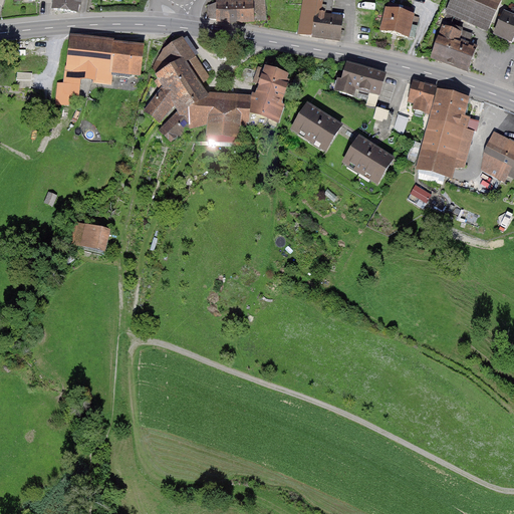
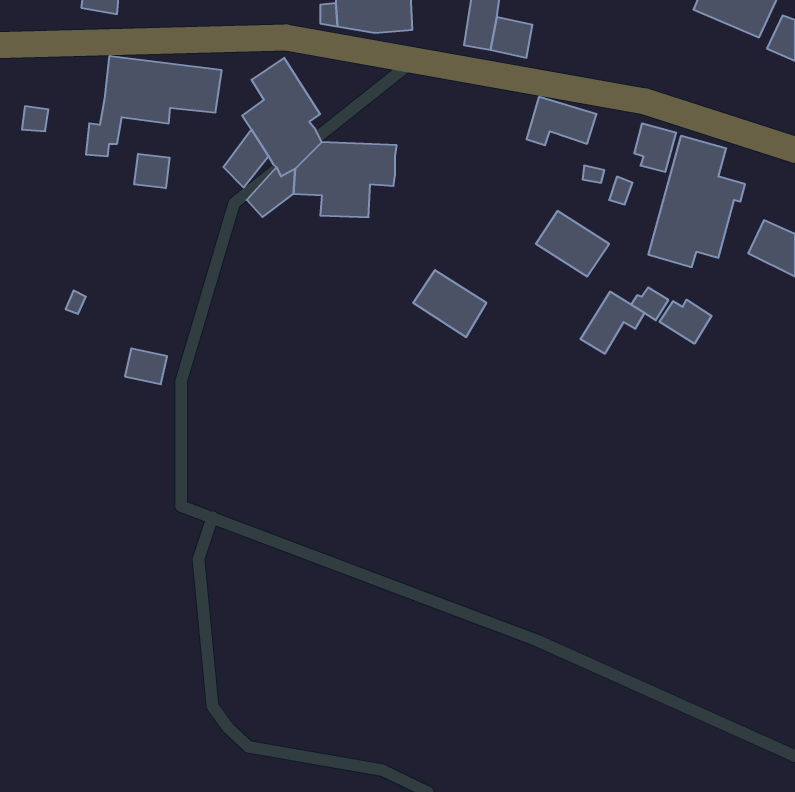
building: [381,7,413,33] -> none
building: [431,24,476,68] -> none
building: [254,67,291,120] -> none
building: none -> [134,154,170,188]
building: [292,102,339,146] -> [413,270,486,337]
building: none -> [580,292,644,354]
building: none -> [660,300,712,344]

